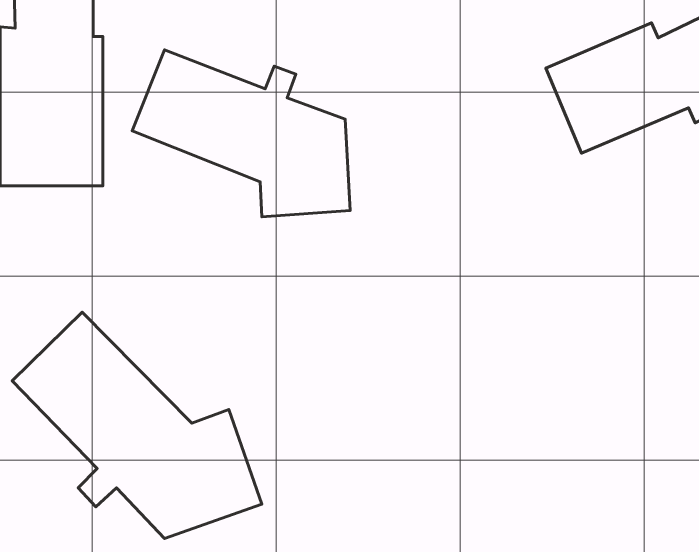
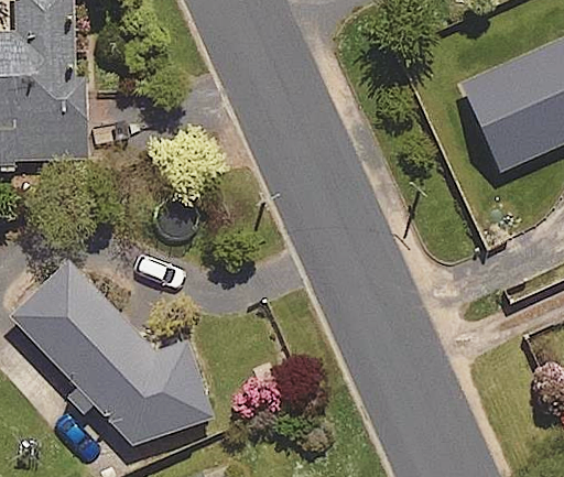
building: [132,50,350,217] -> none

